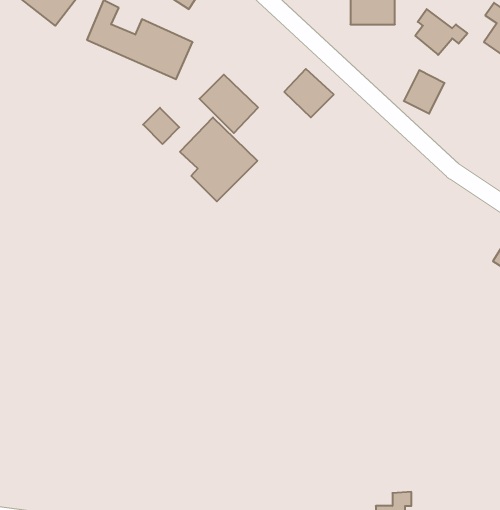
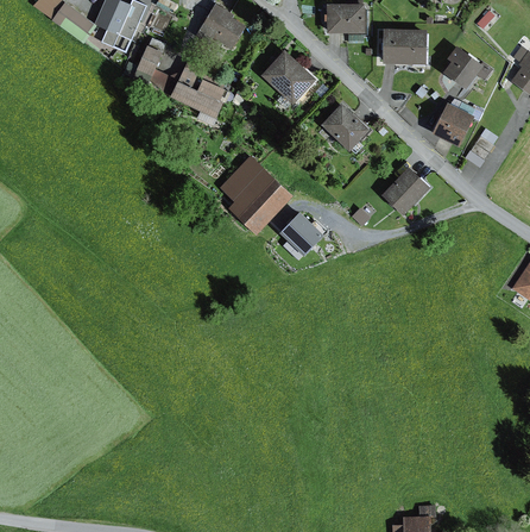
building: [199,75,258,133] -> [261,51,316,106]
building: [143,108,179,144] -> none
building: none -> [380,167,428,214]
building: none -> [277,213,321,256]

